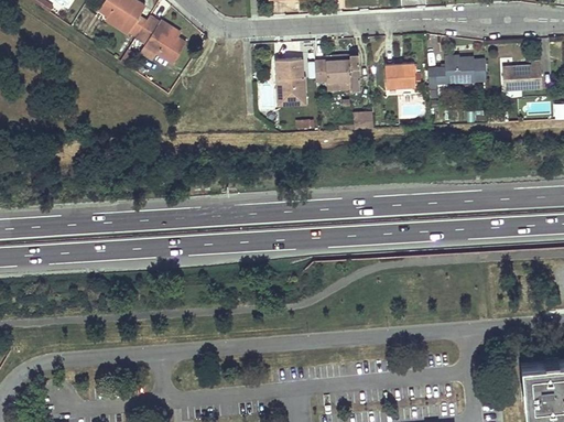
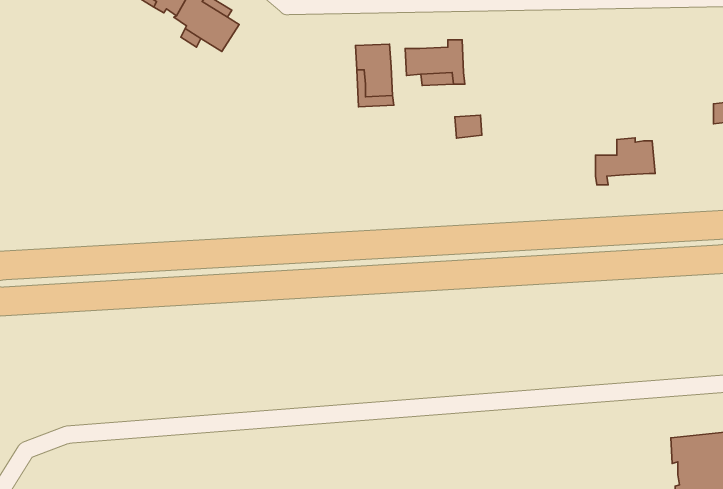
building: [429,55,475,91] -> [595,138,655,185]
building: [503,62,542,91] -> none
building: [384,63,415,88] -> none

